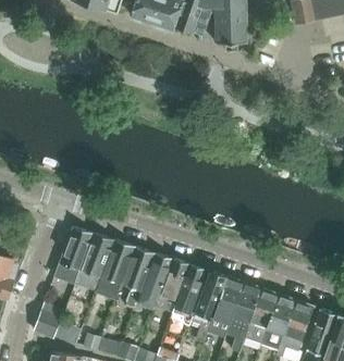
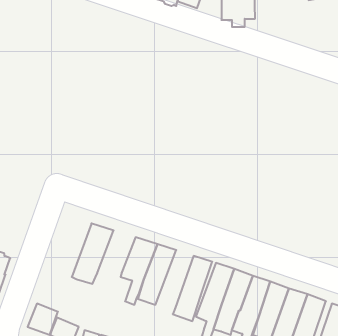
building: [53,227,94,284] -> none
building: [100,240,135,297] -> none
building: [155,259,189,313] -> none

